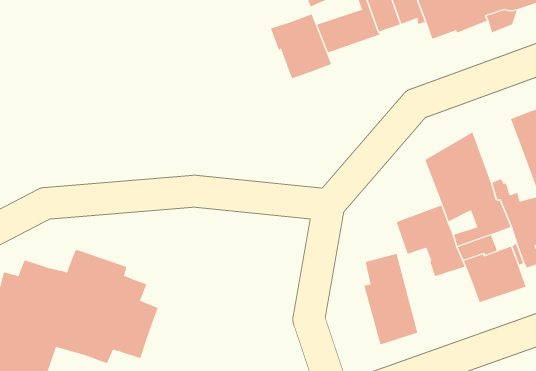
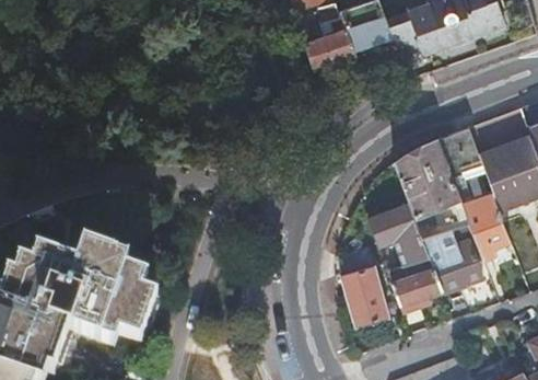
building: [270,14,332,79] -> none
building: none -> [436,128,482,175]
building: none -> [393,269,442,312]

